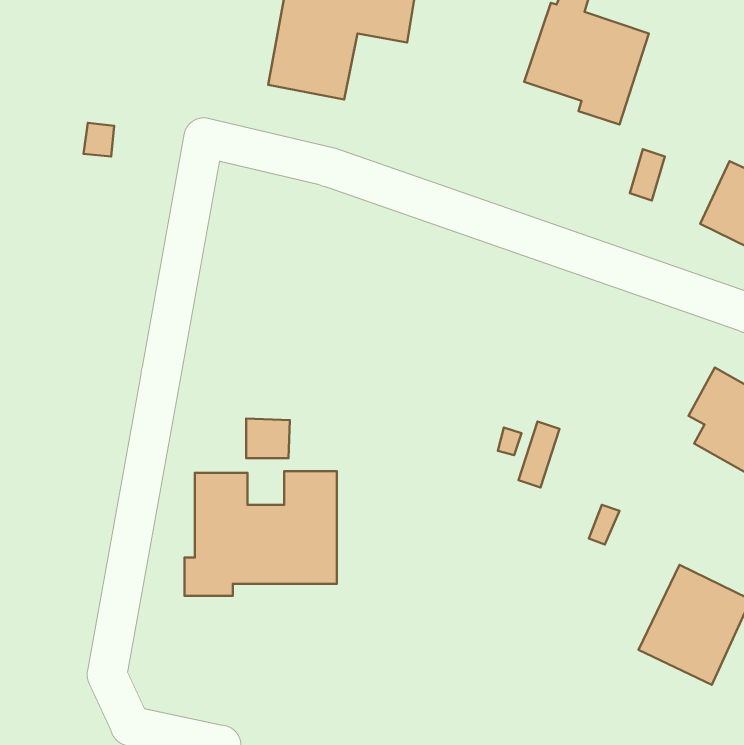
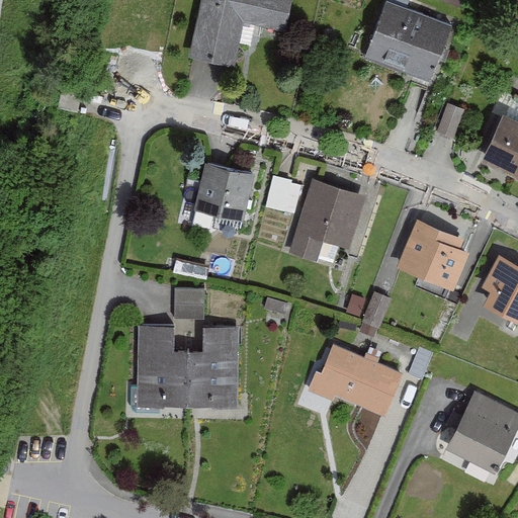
building: none -> [194,166,250,222]
building: none -> [267,177,301,214]
building: none -> [290,180,364,259]
building: none -> [396,219,467,290]
building: none -> [307,343,401,412]

